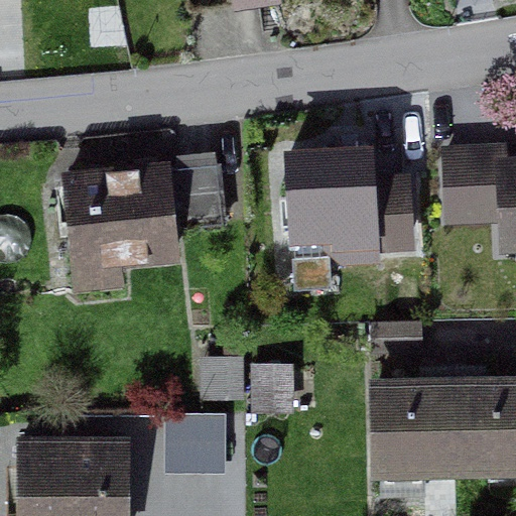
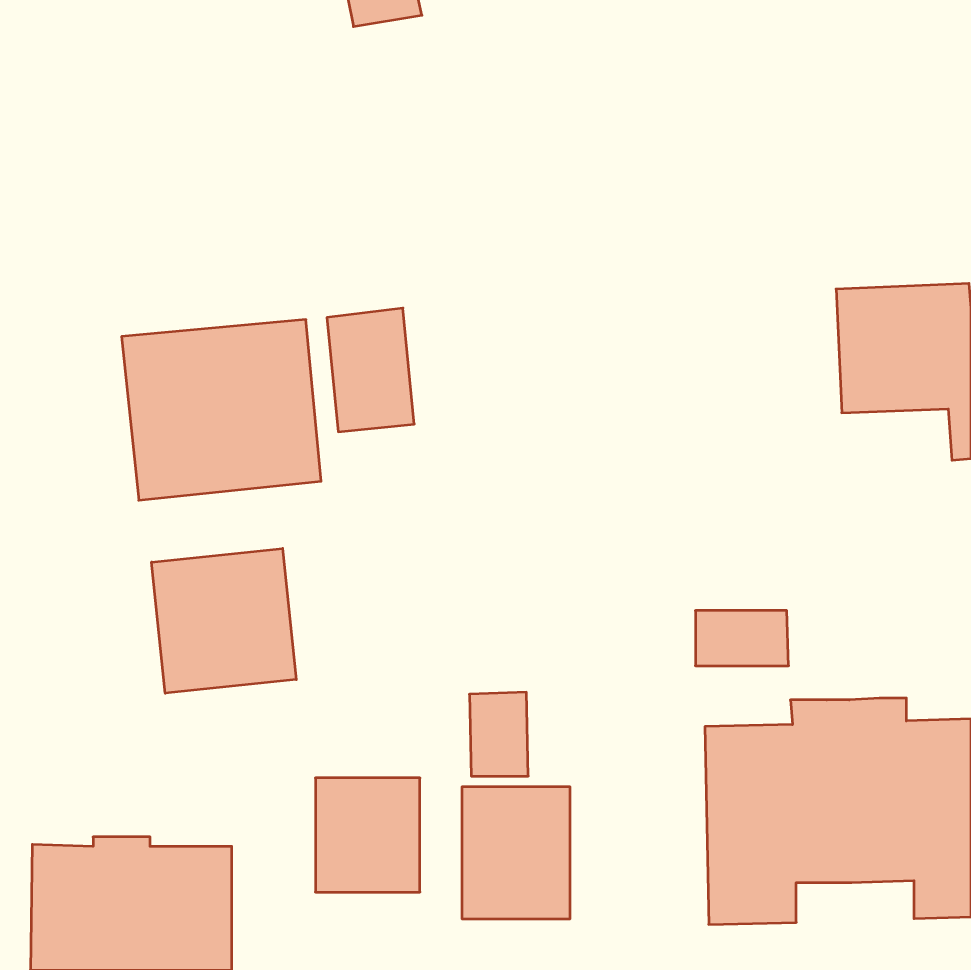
building: [277,153,406,257] -> none
building: none -> [152,548,296,693]
building: none -> [462,787,570,919]

